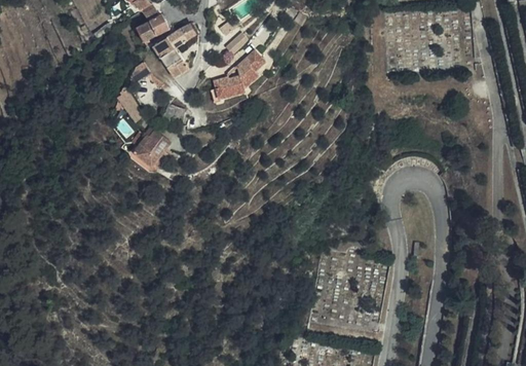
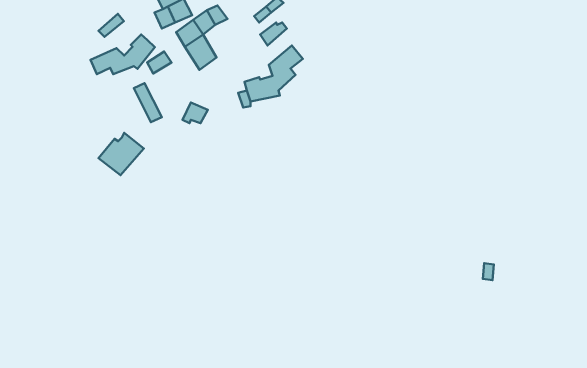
building: none -> [90,35,155,74]
building: [129,132,167,168] -> [99,133,144,175]

